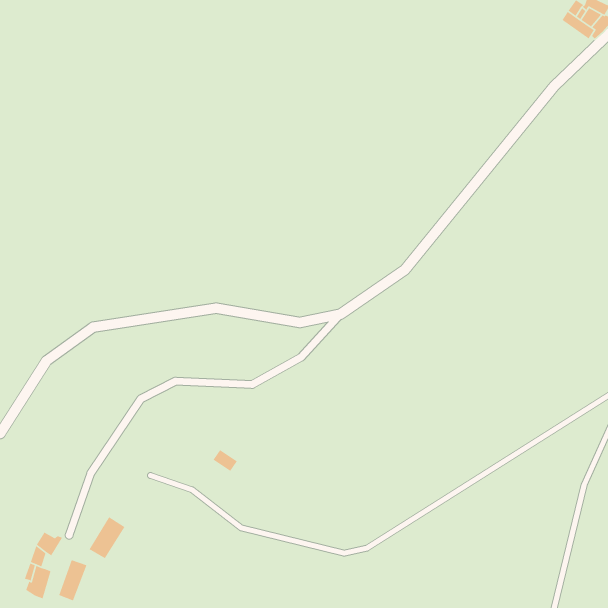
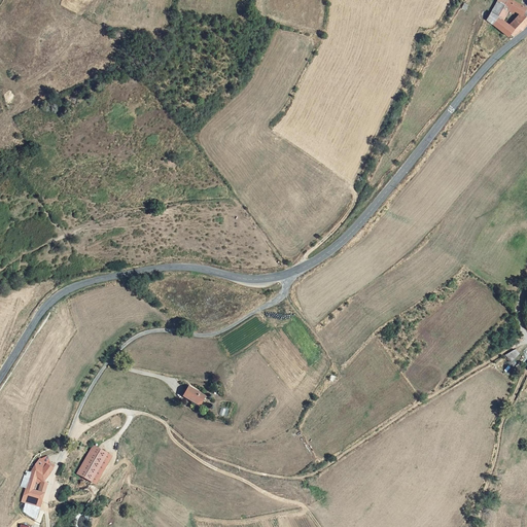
building: [58,559,87,602] -> none

